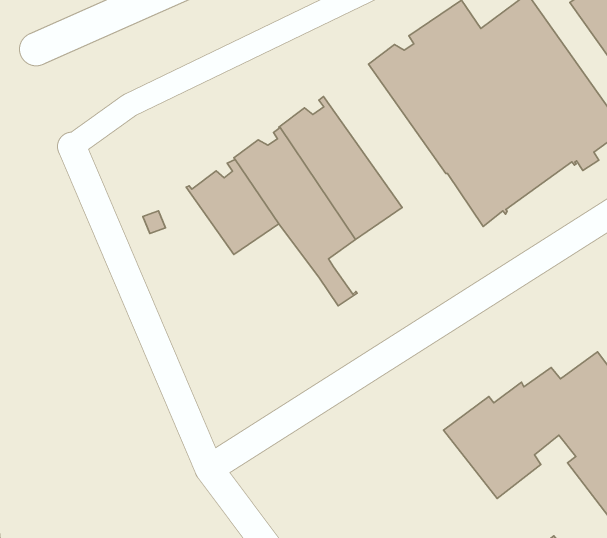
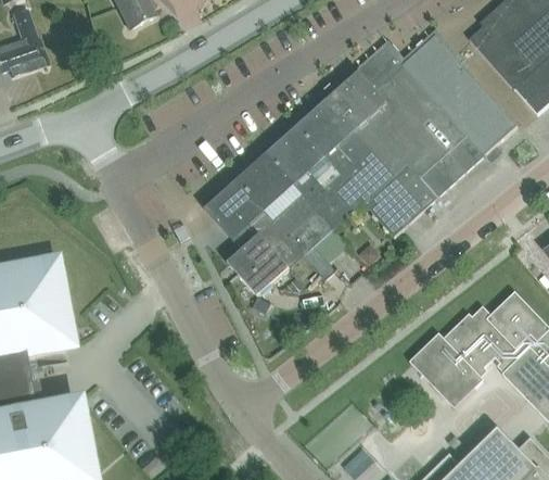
building: none -> [296,99,423,235]
building: none -> [228,223,302,295]

